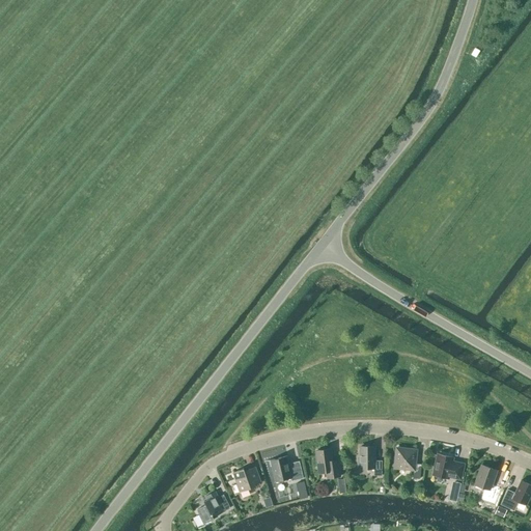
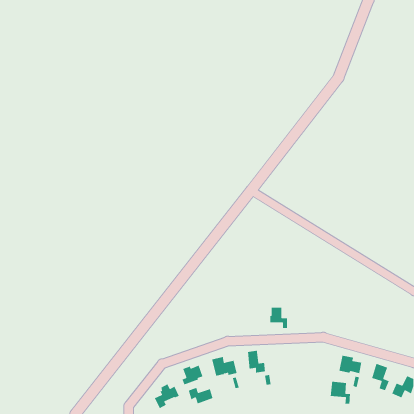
building: [358,447,382,475] -> [269,307,288,329]
building: [394,448,421,478] -> [330,381,351,404]
building: none -> [188,387,214,404]

